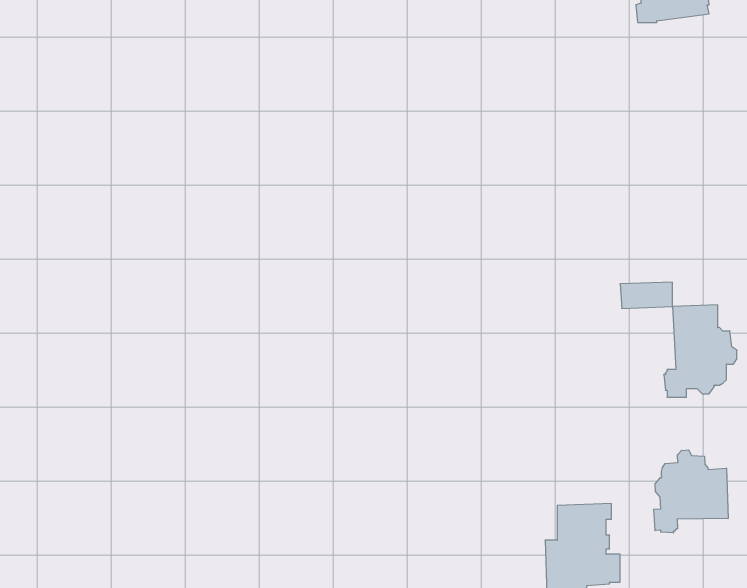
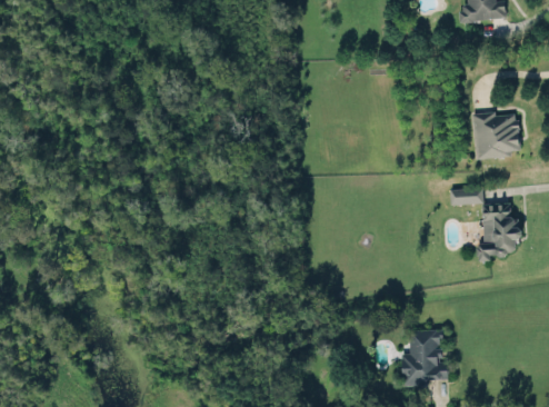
building: none -> [472,112,519,159]
building: [654,450,728,533] -> none

